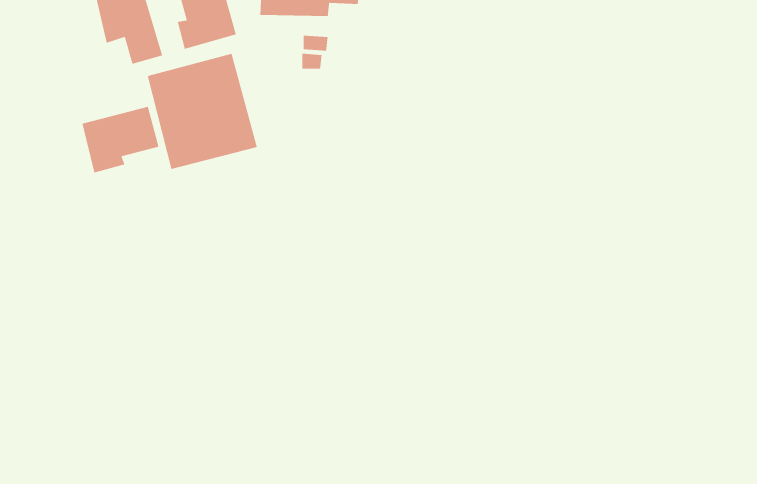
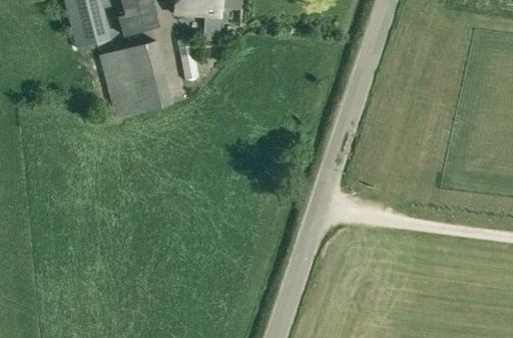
building: [81,106,159,174] -> none

